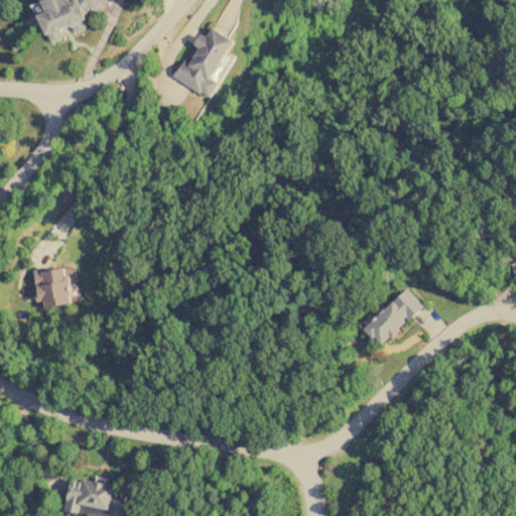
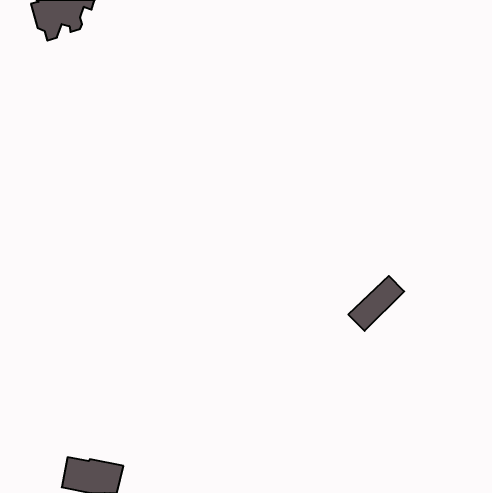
building: [172,27,233,99] -> none
building: [32,266,72,307] -> none

